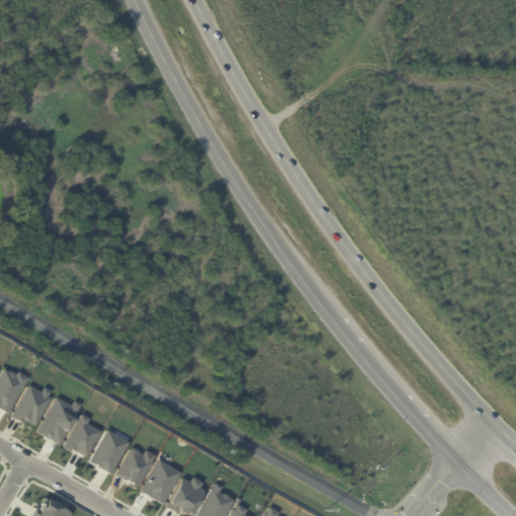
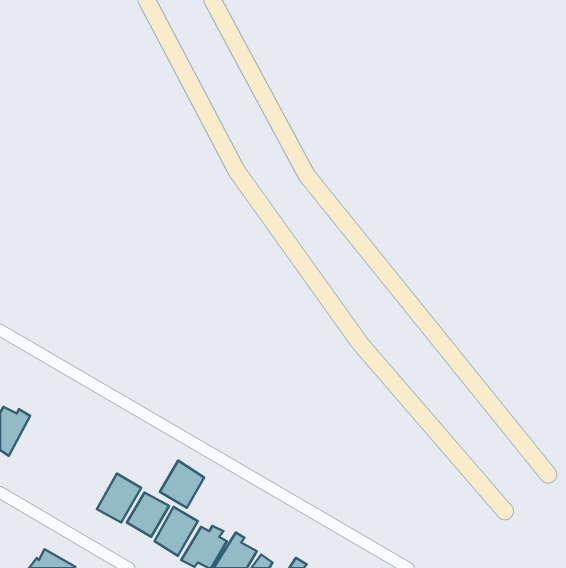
building: [12,385,54,425] -> none
building: [37,397,83,444] -> none
building: [64,413,102,457] -> none
building: none -> [160,460,204,508]

